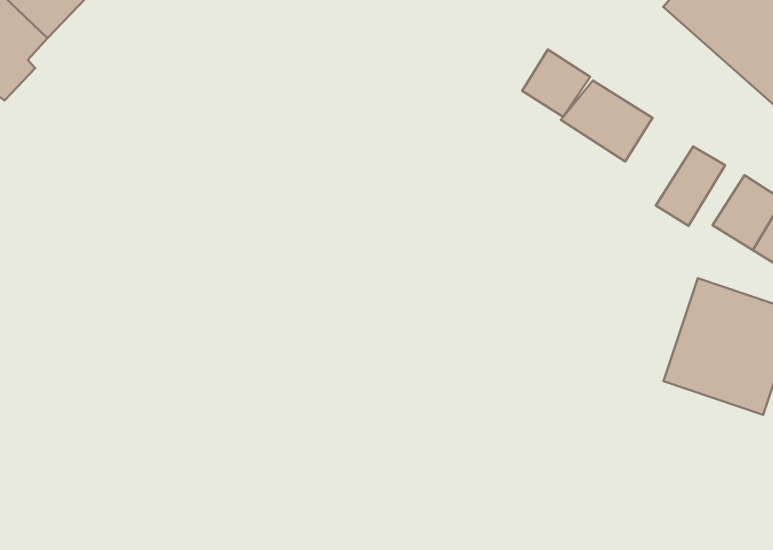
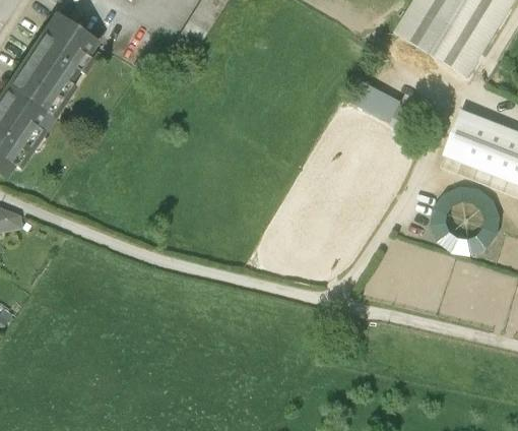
building: [522,49,590,117] -> none
building: [656,146,725,226] -> none

